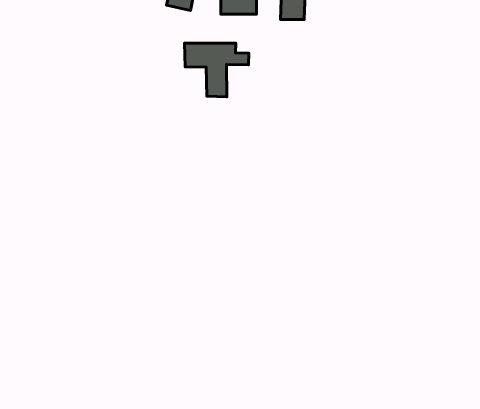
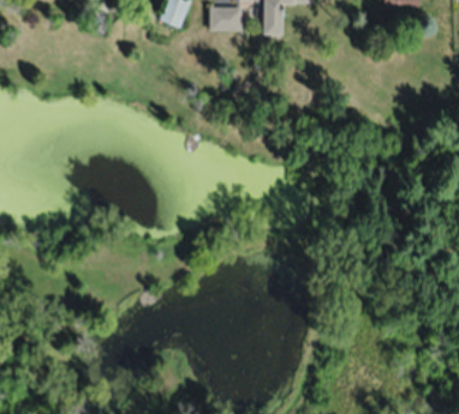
building: [185,43,249,97] -> none

